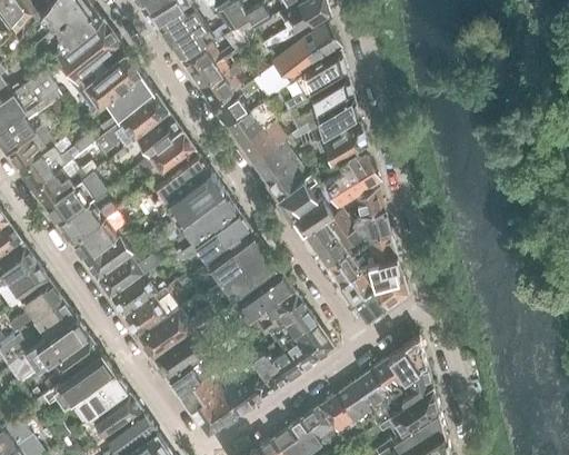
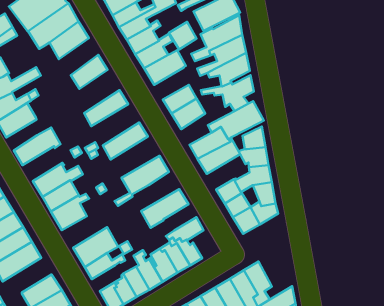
building: [93,92,166,152] -> none
building: [239,120,286,162] -> none
building: [146,130,193,177] -> none
building: [163,171,221,222] -> none
building: [277,172,316,217] -> none
building: [58,191,113,240] -> none
building: [174,210,250,261] -> none
building: [313,224,361,270] -> none
building: [81,231,131,277] -> none
building: [221,253,278,301] -> none
building: [261,291,305,336] -> none
building: [137,306,216,357] -> none
building: [295,323,332,358] -> none
building: [387,336,431,404] -> none
building: [179,370,218,409] -> none
building: [72,374,128,424] -> none

